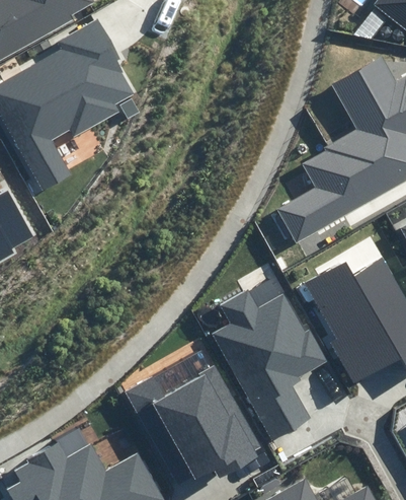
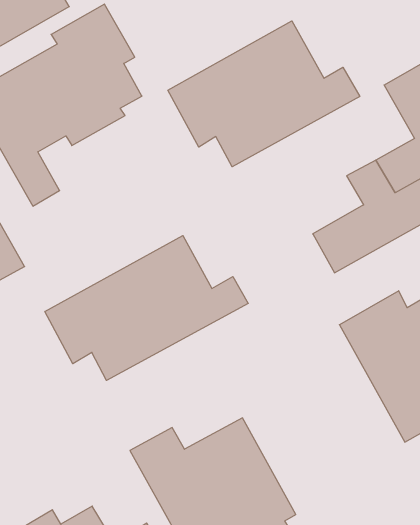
building: none -> [168,21,360,167]
building: none -> [45,236,248,380]
building: [212,292,328,441] -> none

